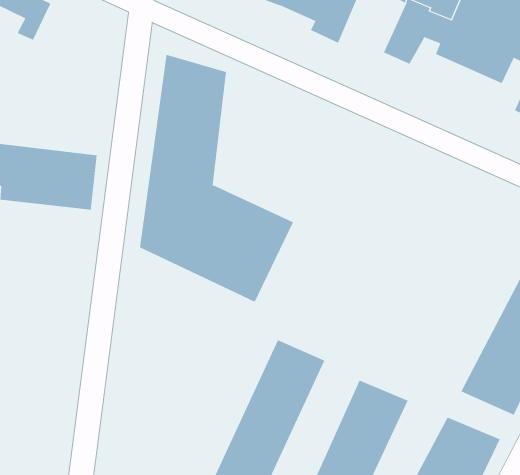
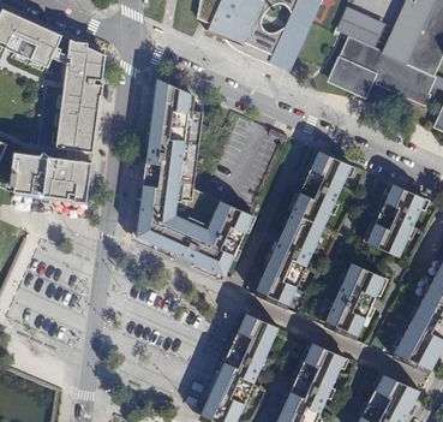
building: none -> [58,41,101,154]
building: none -> [251,148,354,310]
building: none -> [363,180,429,257]
building: none -> [322,261,388,338]

